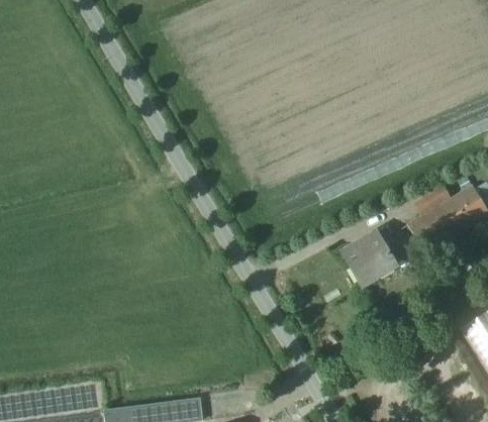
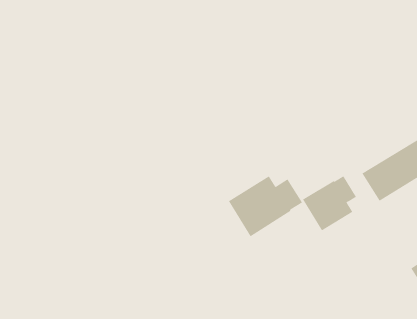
building: none -> [228,176,303,237]

